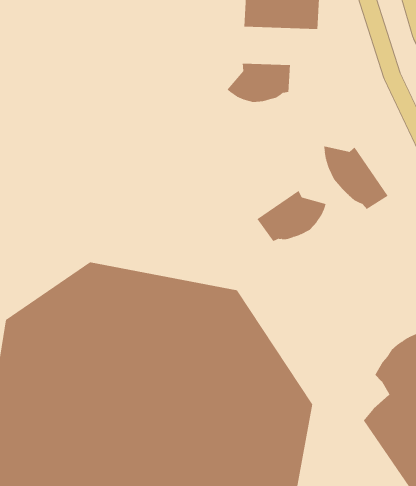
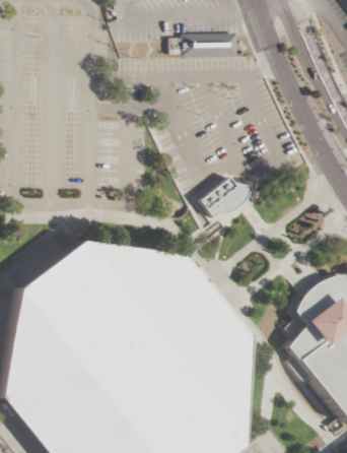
building: [227,63,291,103] -> none
building: [324,146,389,210] -> none

